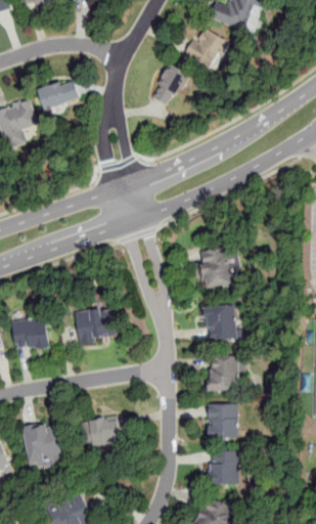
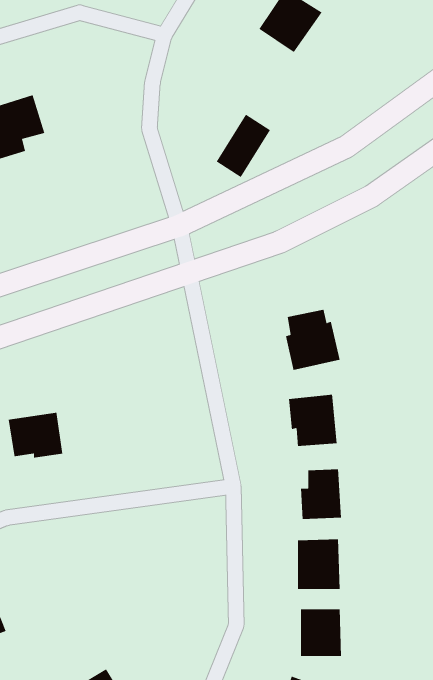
building: [148,61,186,105] -> [216,114,271,178]
building: [35,78,78,111] -> none
building: [75,309,115,345] -> none
building: [82,420,119,445] -> none
building: [24,426,63,466] -> none

